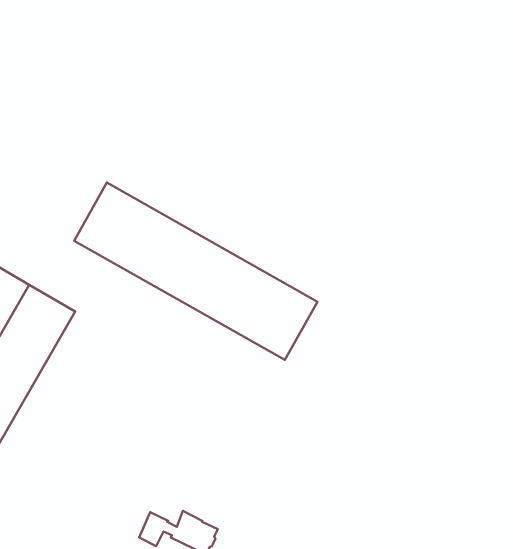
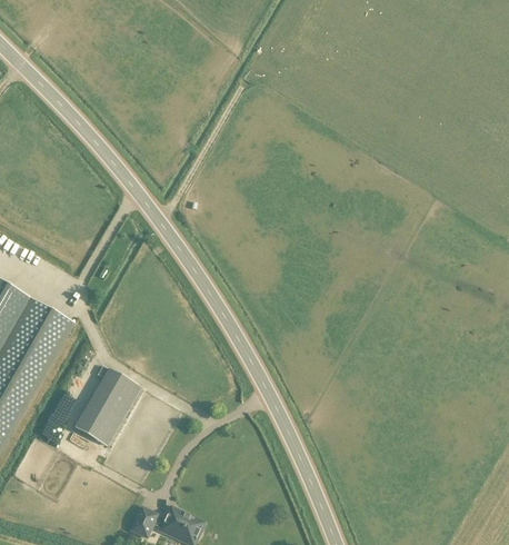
building: [74,183,318,360] -> none
building: none -> [74,369,137,445]

